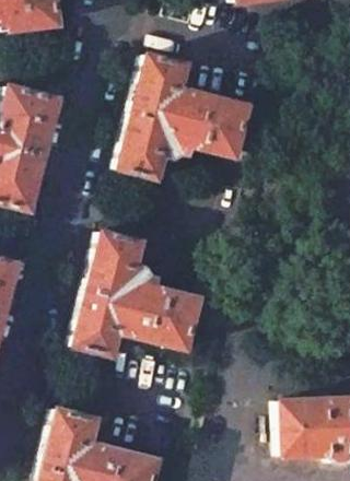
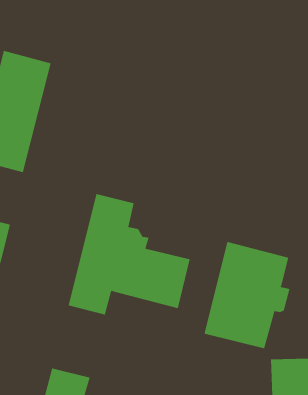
building: [118,55,248,179] -> none
building: none -> [204,241,290,349]

